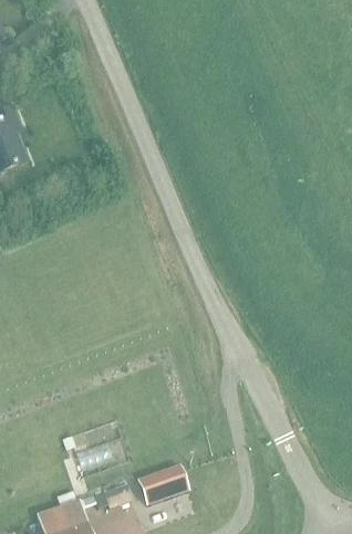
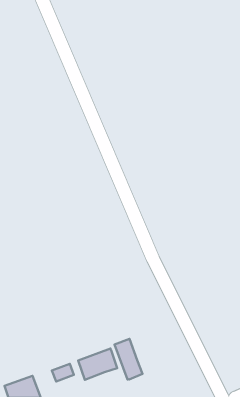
building: none -> [115,339,142,380]

